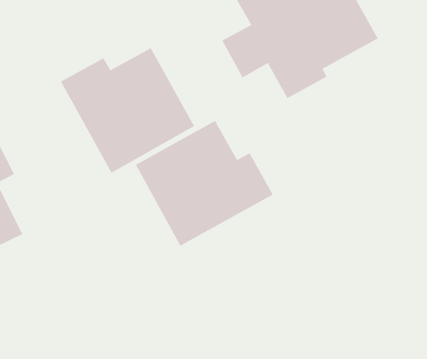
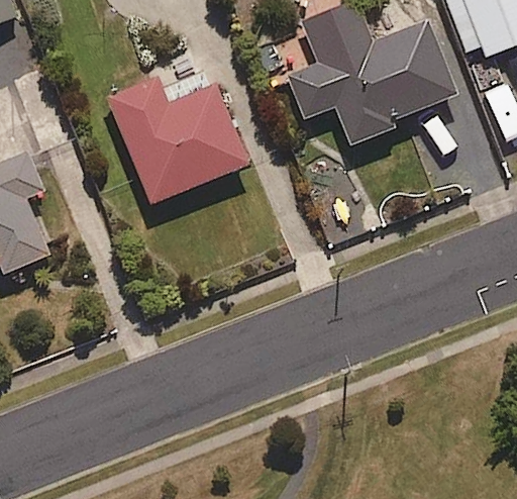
building: [135,120,273,247] -> none

